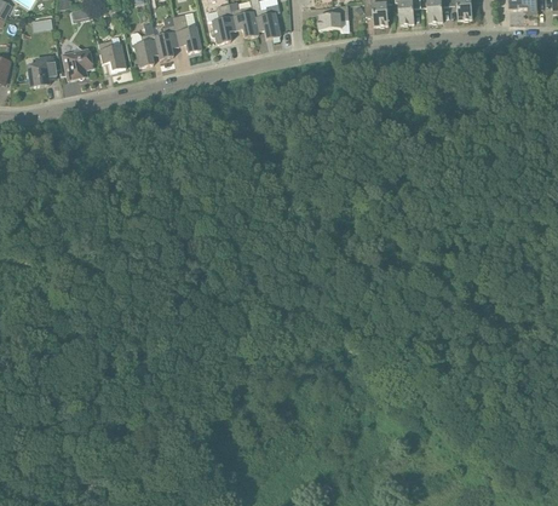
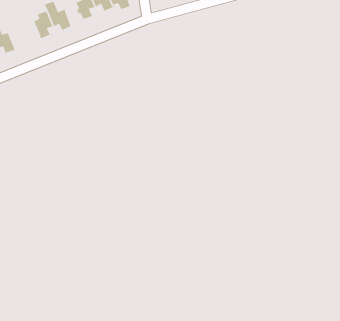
building: [134,22,159,67] -> none

